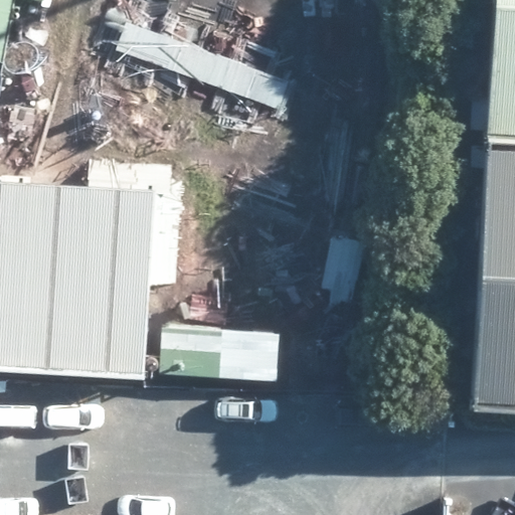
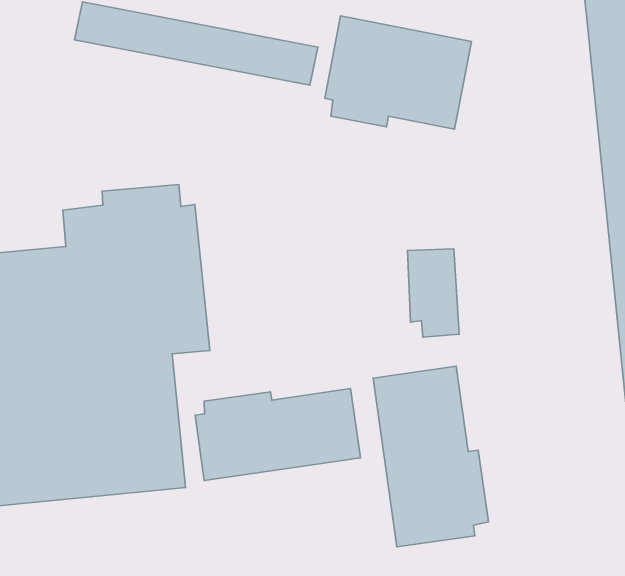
building: none -> [325,16,472,129]
building: none -> [373,366,488,547]

